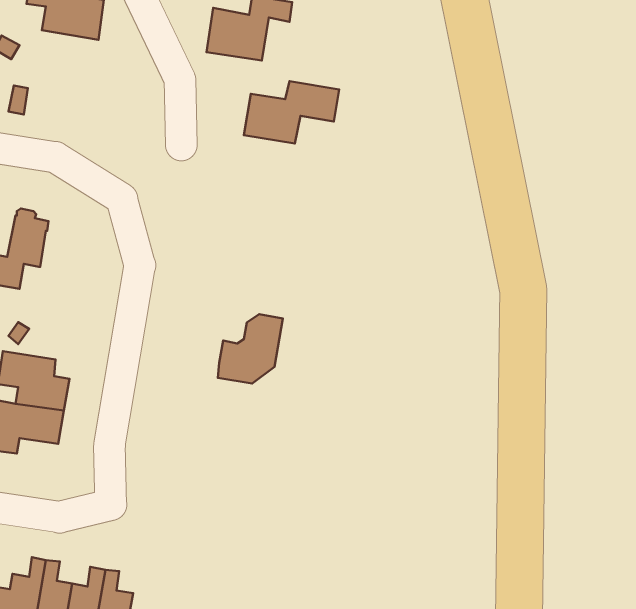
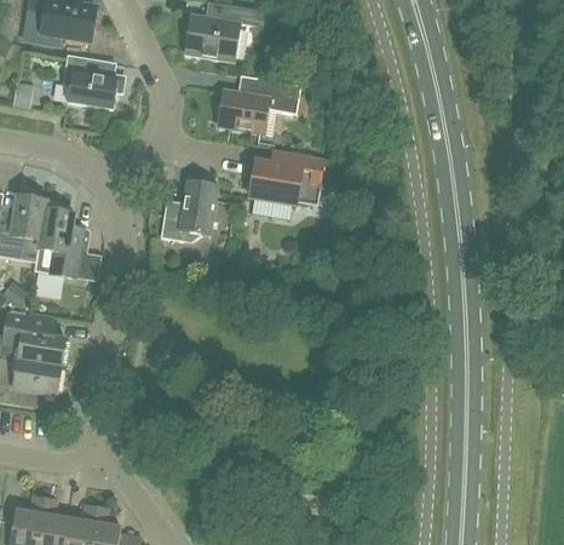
building: none -> [62,54,126,109]
building: none -> [251,153,324,205]
building: none -> [34,205,91,277]
building: [218,314,283,383] -> [161,182,218,242]

